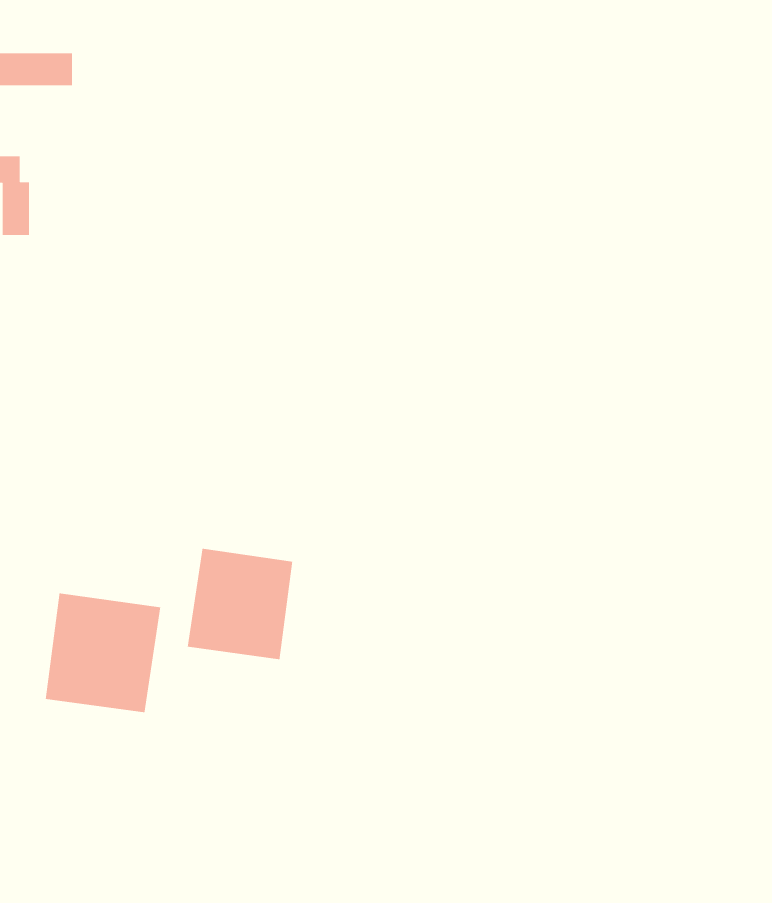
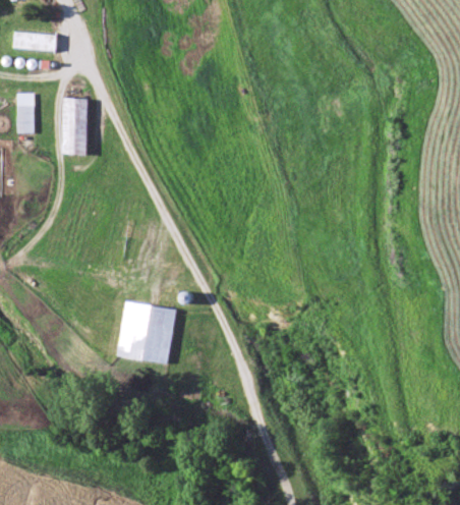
building: none -> [63,98,88,154]
building: [45,592,161,713] -> none

